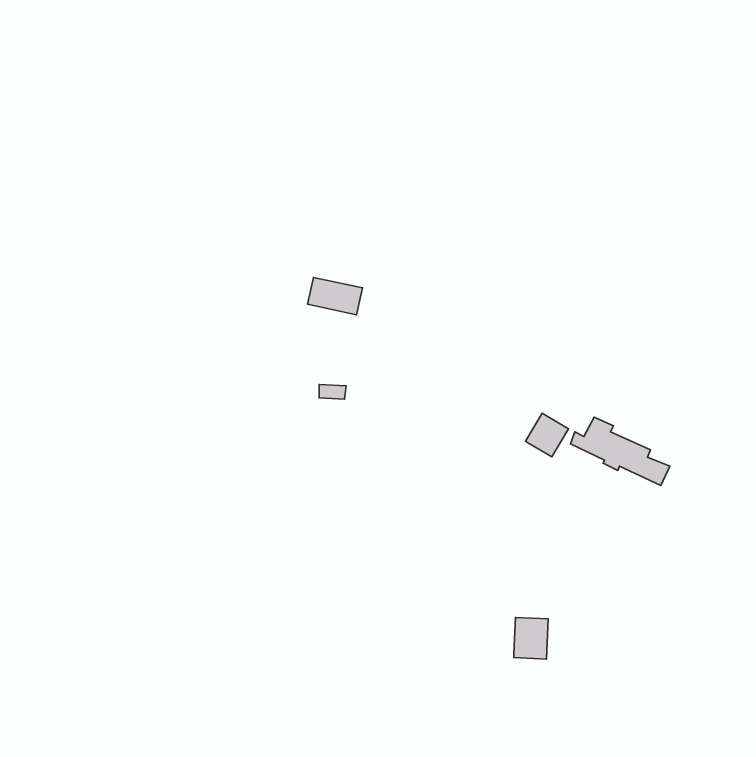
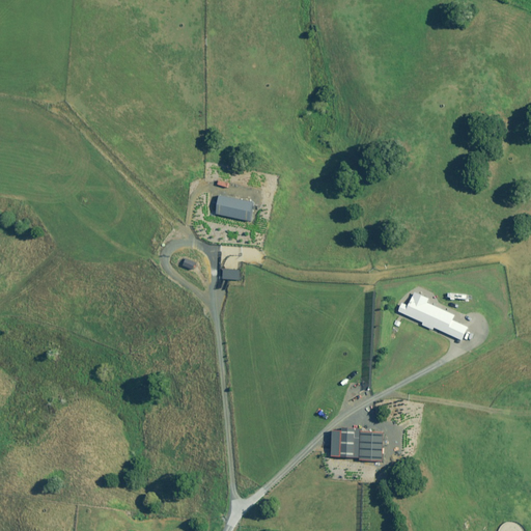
building: [526,413,568,457] -> none
building: none -> [331,427,361,456]

